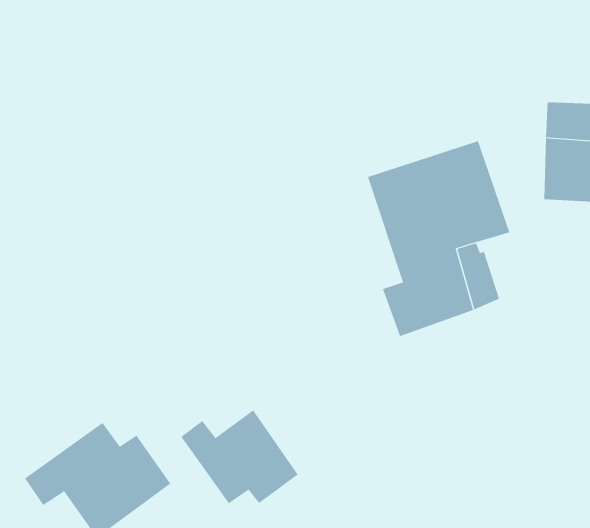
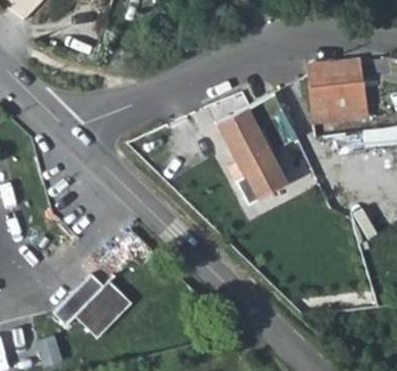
building: [181,410,299,504] -> none

